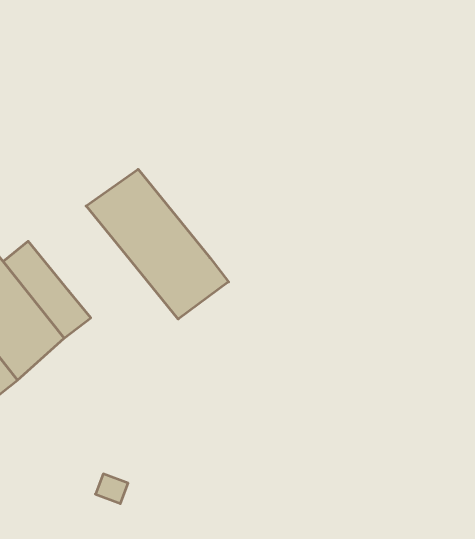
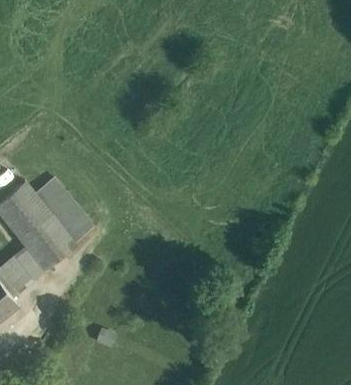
building: [86,169,229,319] -> none

